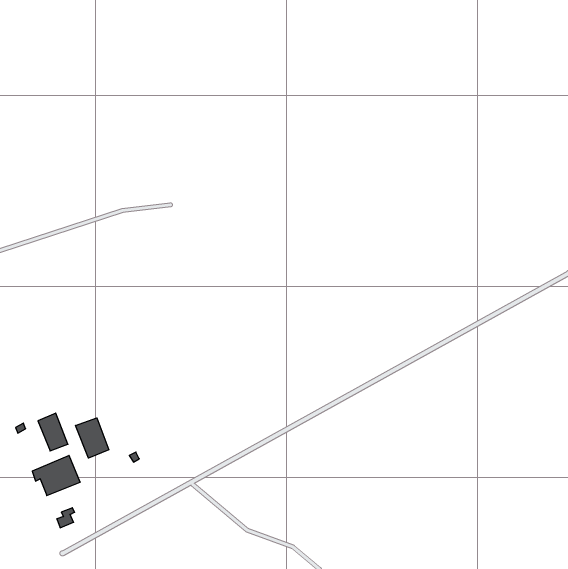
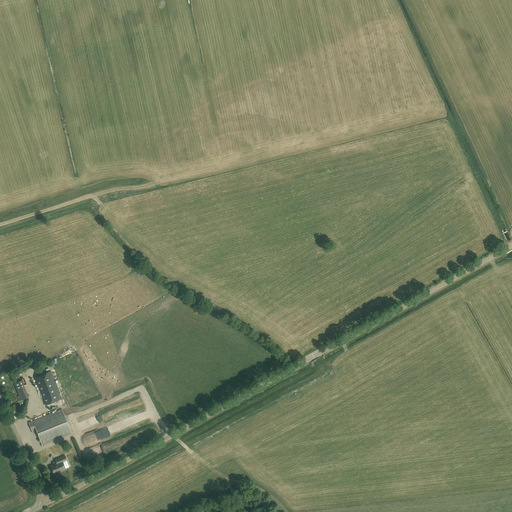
building: [76,418,109,458] -> none

